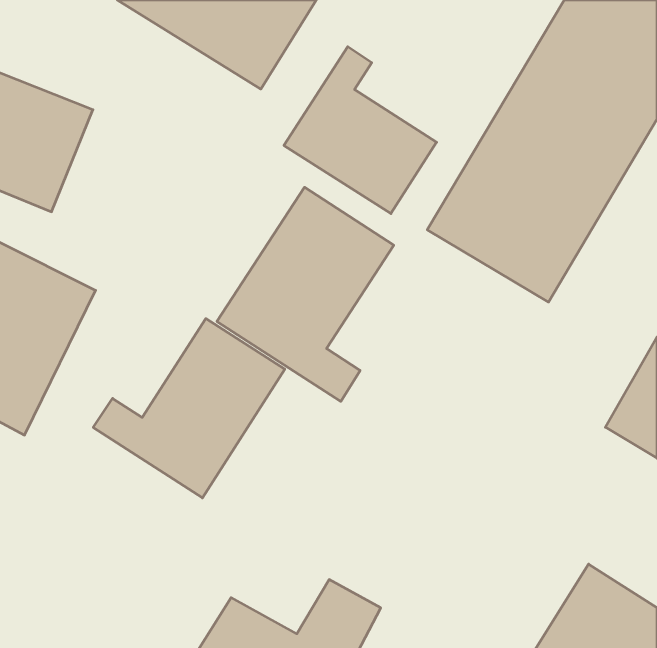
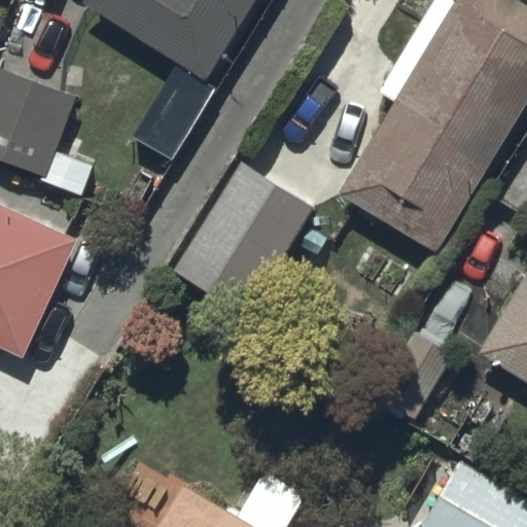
building: [284,47,437,214] -> none
building: [93,319,285,498] -> none

